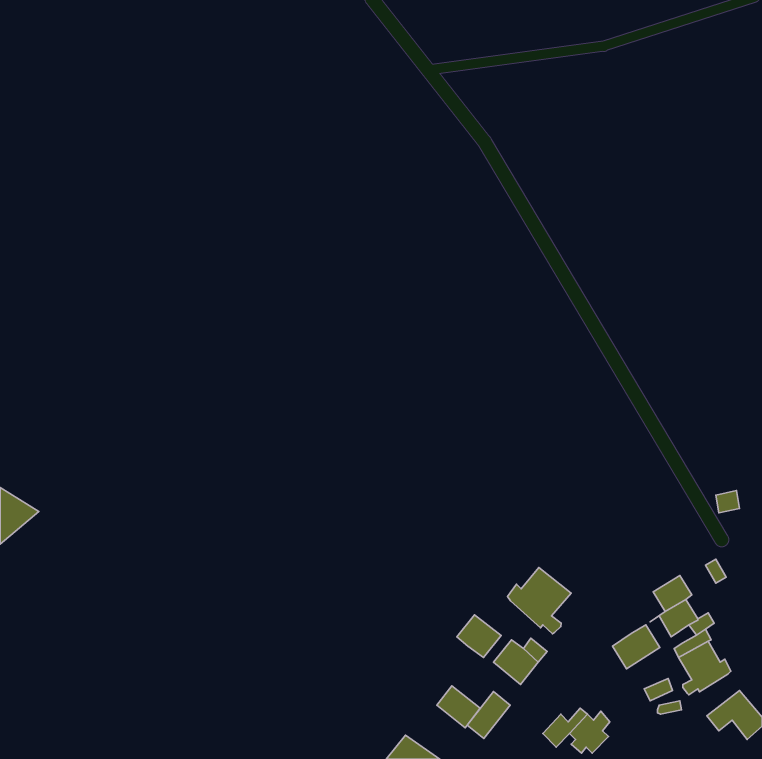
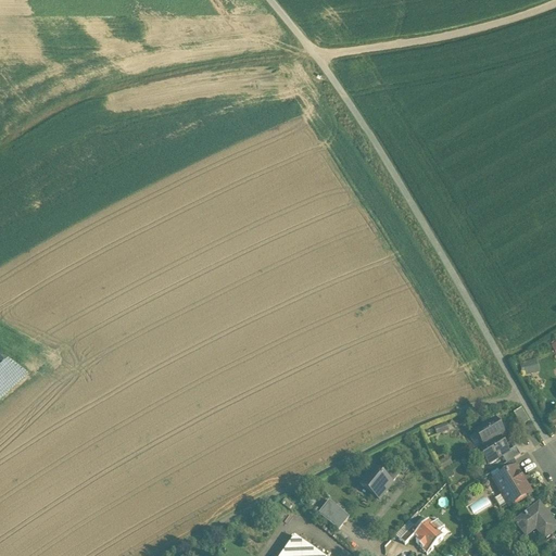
building: [507,568,571,634] -> none
building: [457,615,501,657] -> none
building: [613,625,660,669] -> none
building: [467,692,510,739] -> none

